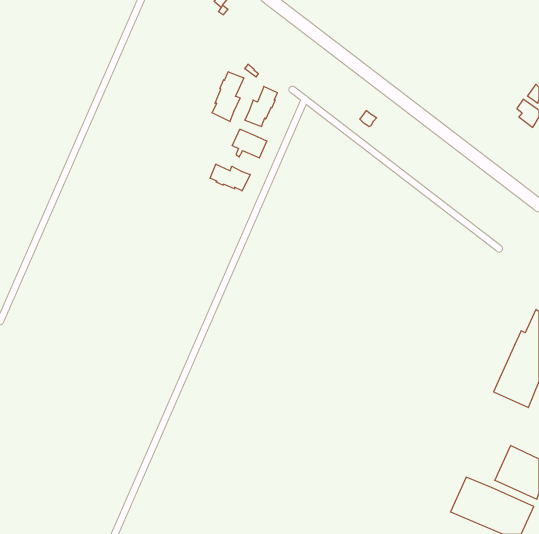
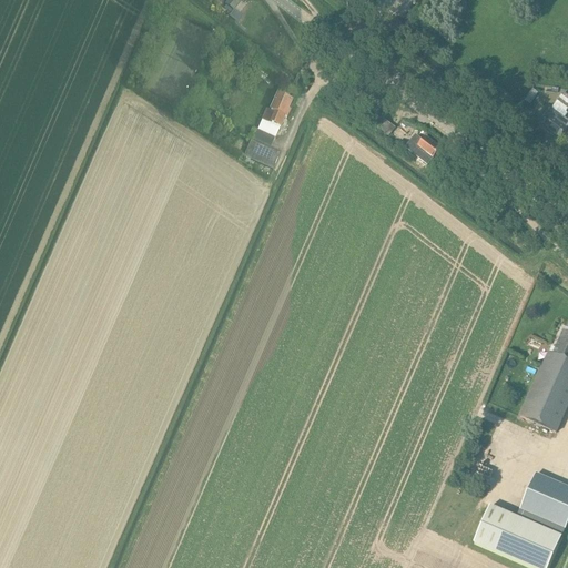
building: [212,72,244,122] -> none
building: none -> [405,132,442,162]
building: [210,164,250,191] -> none

